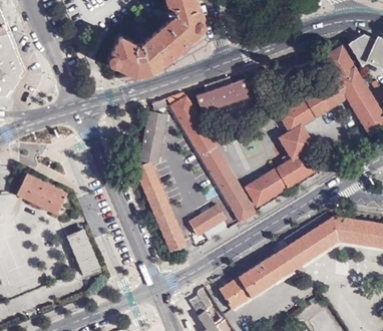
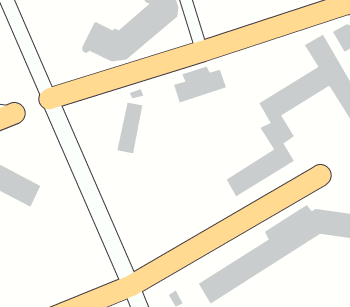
building: [166,93,255,223] -> none
building: [136,163,188,258] -> none
building: [189,205,226,236] -> none
building: [64,229,101,278] -> none

